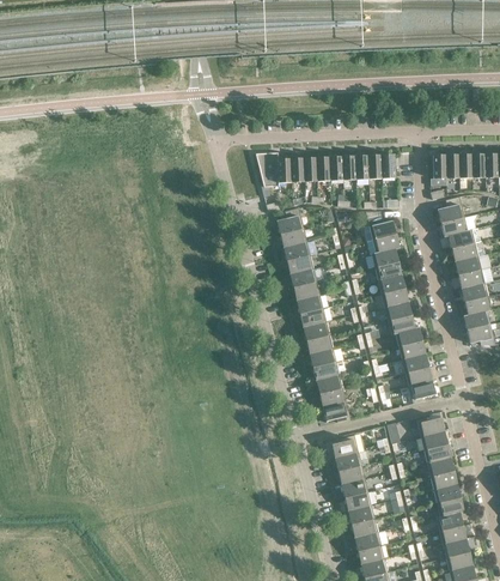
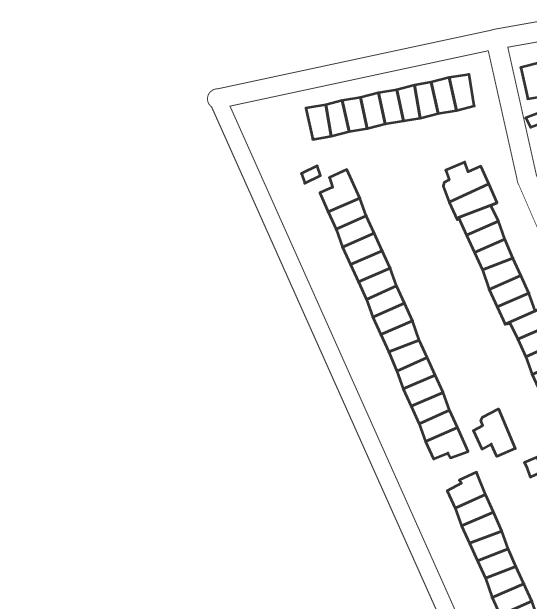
building: [255,151,279,186] -> none
building: none -> [473,409,515,456]

